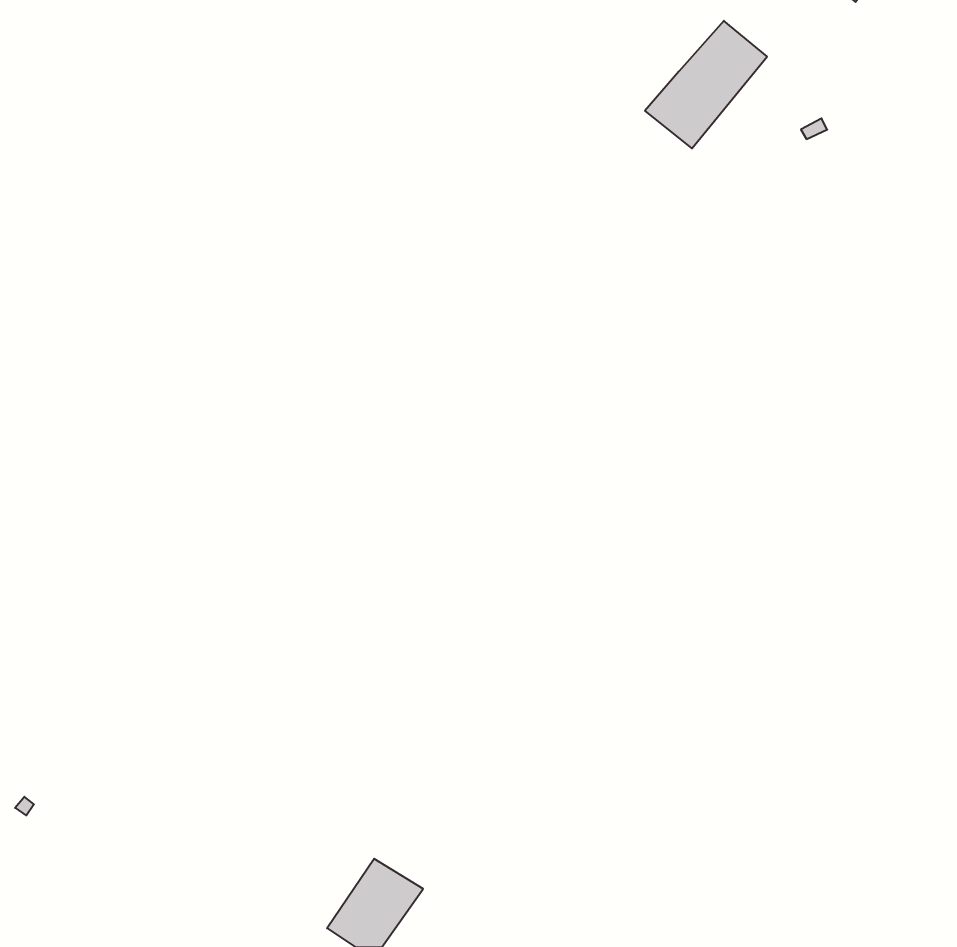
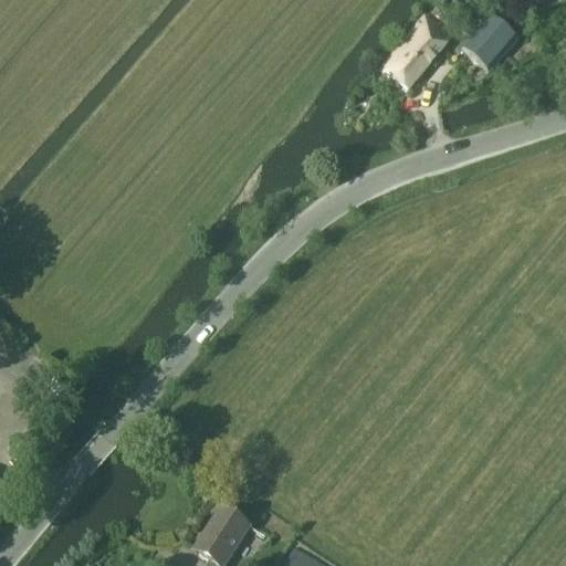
building: none -> [462,12,518,70]

